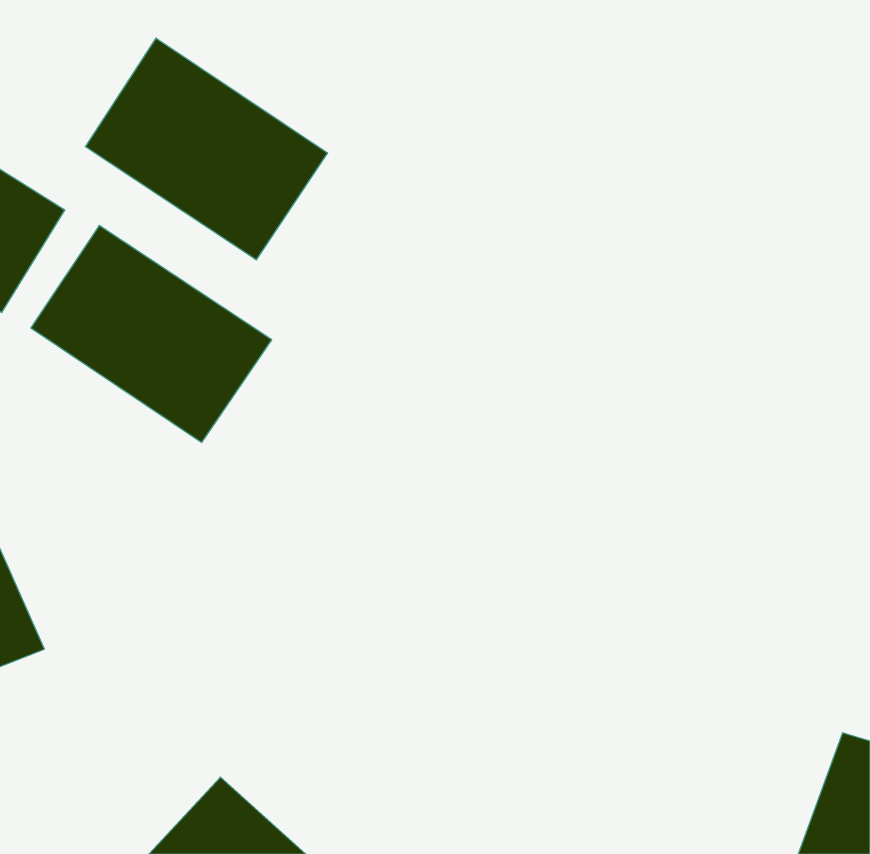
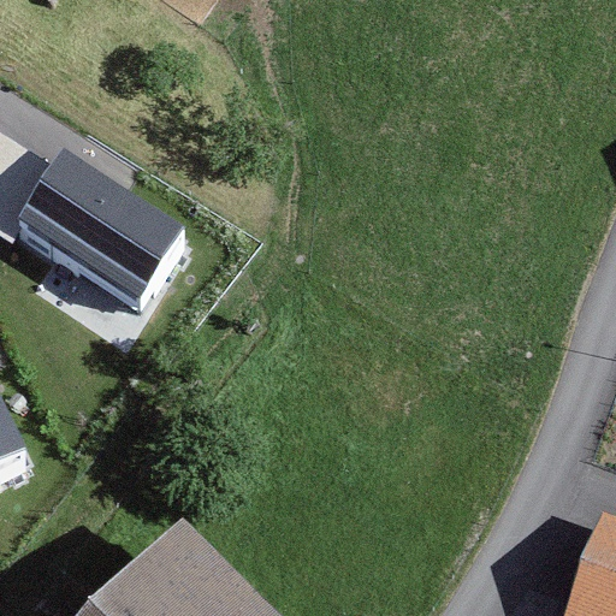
building: [85,38,328,260] -> none

